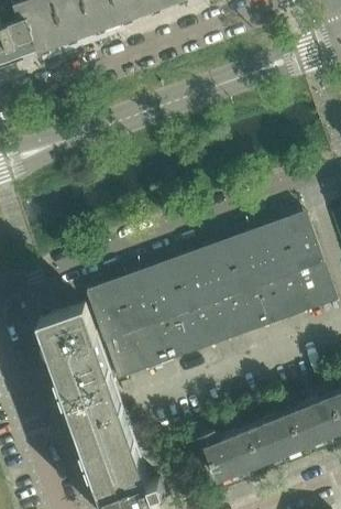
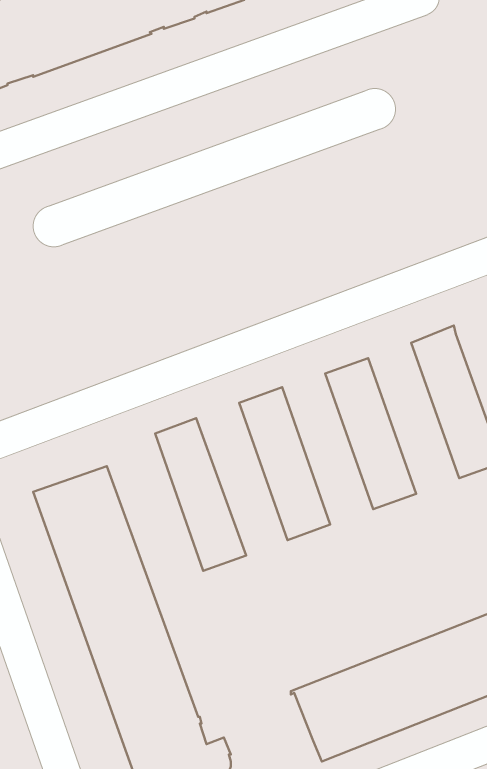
building: [251,221,309,318] -> none
building: [196,241,254,338] -> none
building: [141,260,199,358] -> none
building: [86,280,145,378] -> none

